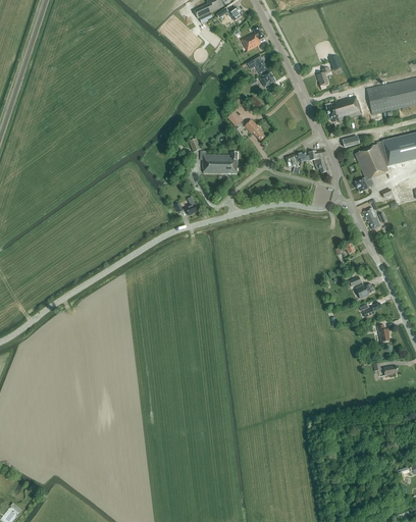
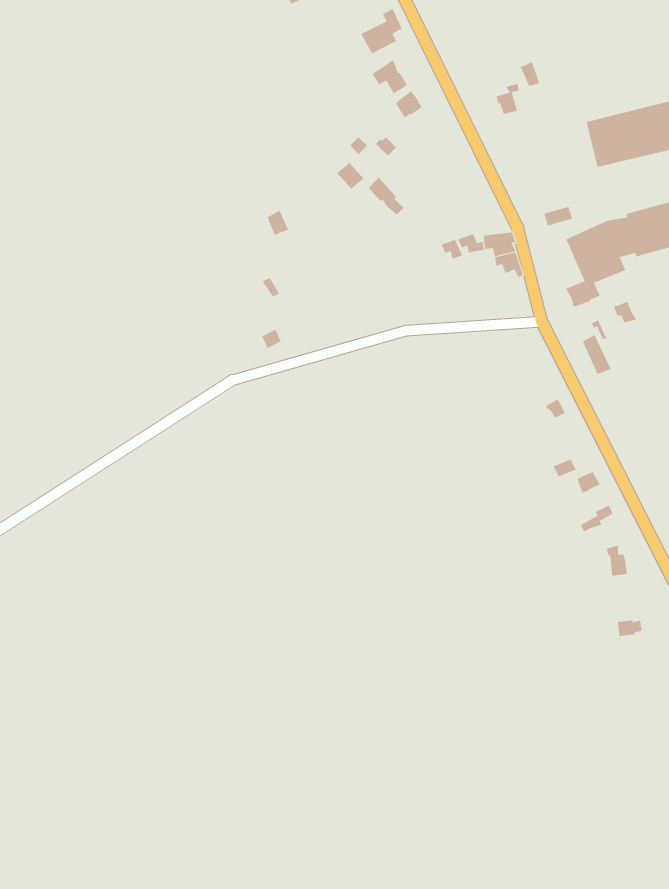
building: [325,96,362,121] -> none
building: [200,151,238,173] -> none

